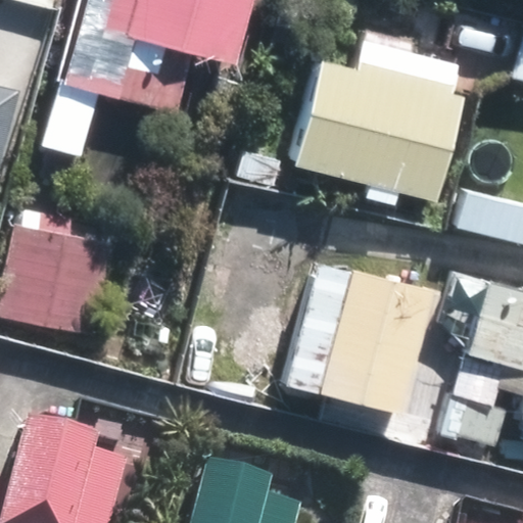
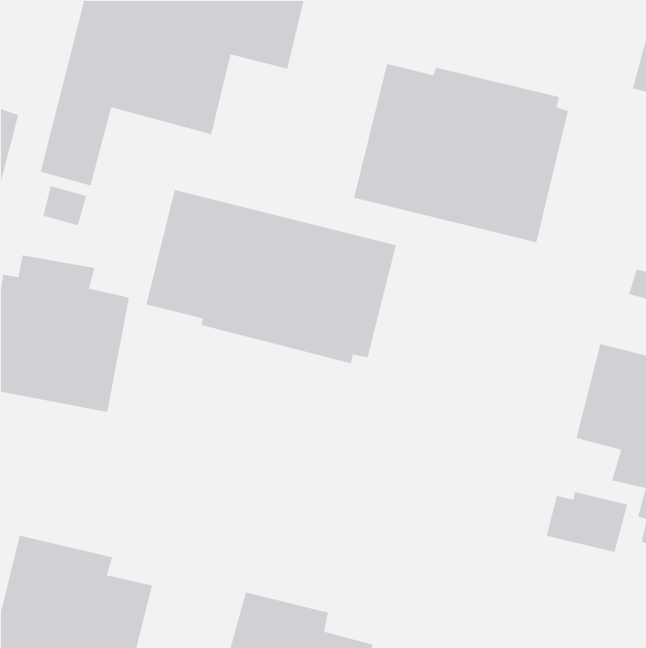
building: none -> [146,189,397,364]
building: [286,267,453,415] -> none

